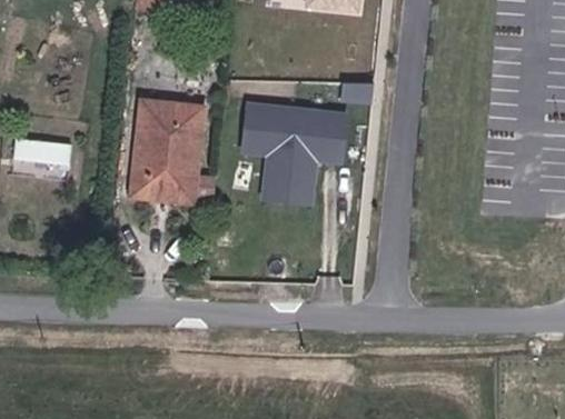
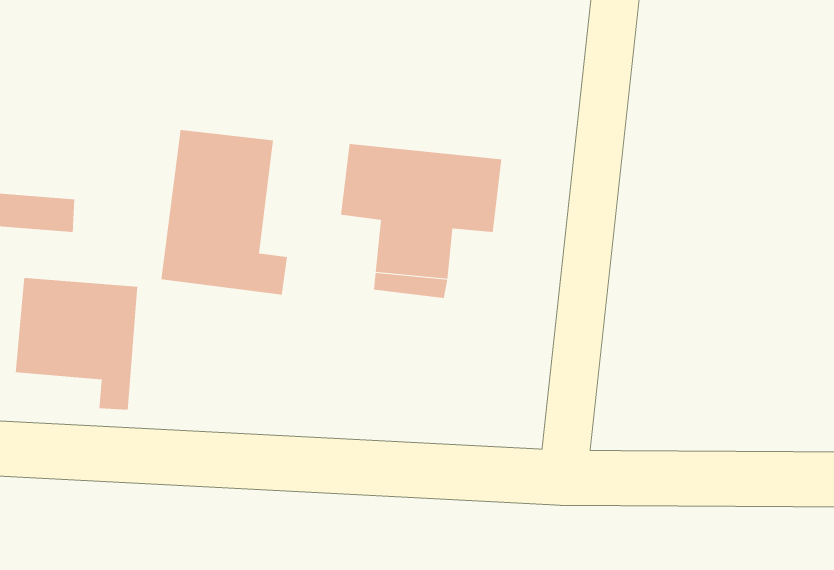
building: none -> [15,277,138,411]

